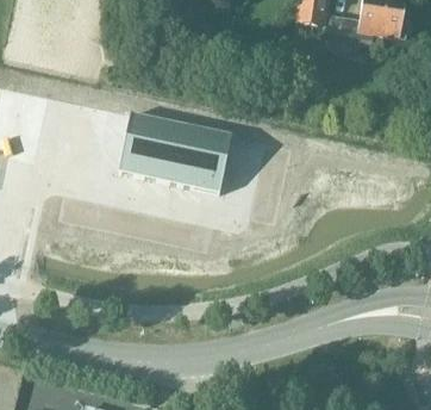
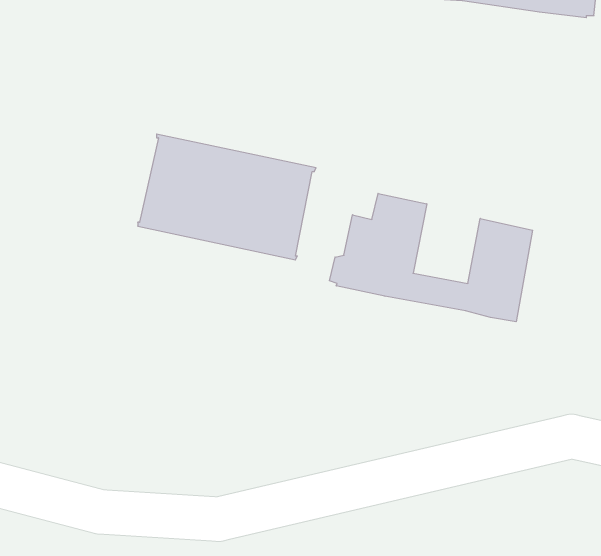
building: none -> [330,193,533,322]

